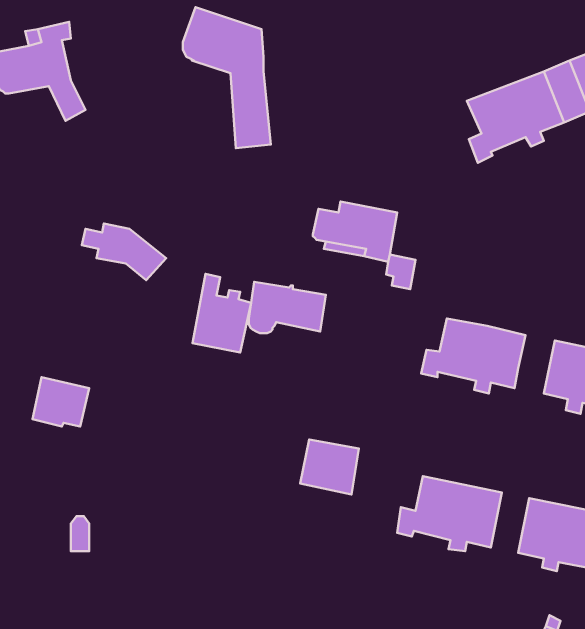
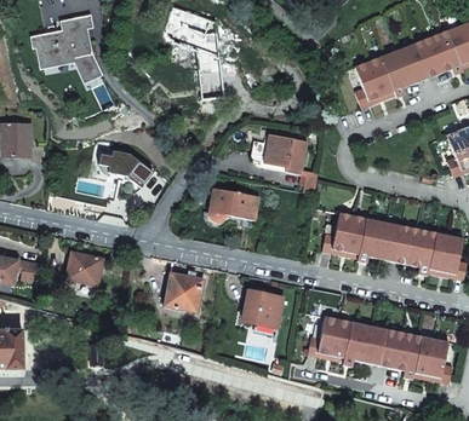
building: [193,274,251,352] -> [164,259,202,311]
building: none -> [384,223,411,261]
building: none -> [368,327,394,367]

